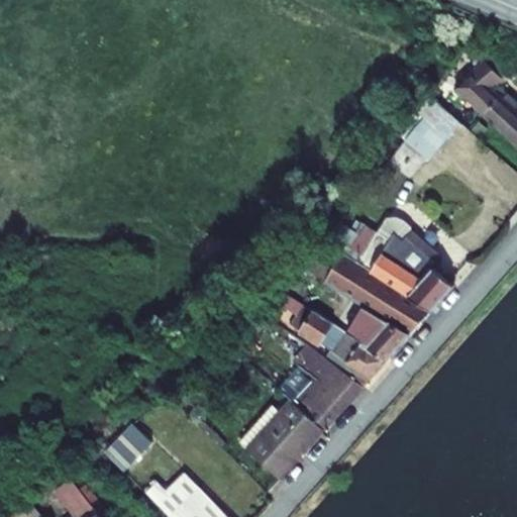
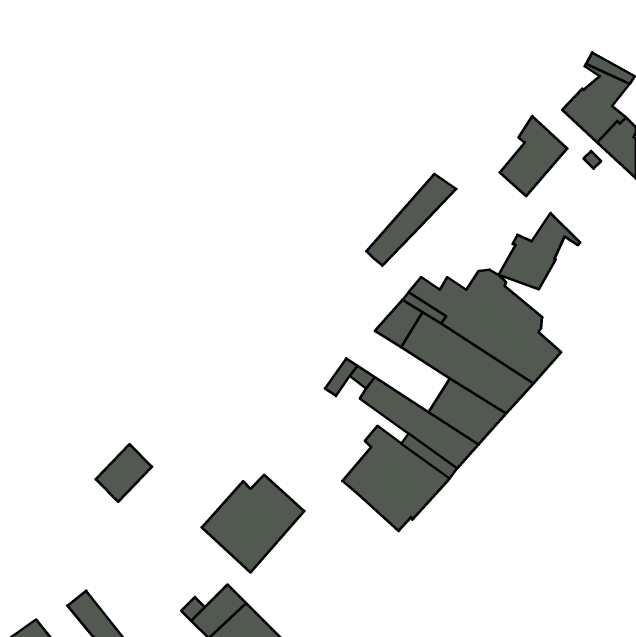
building: none -> [366,174,456,266]
building: none -> [499,213,580,289]
building: [239,401,322,480] -> [202,475,304,572]
building: [105,424,150,471] -> [96,444,152,502]

